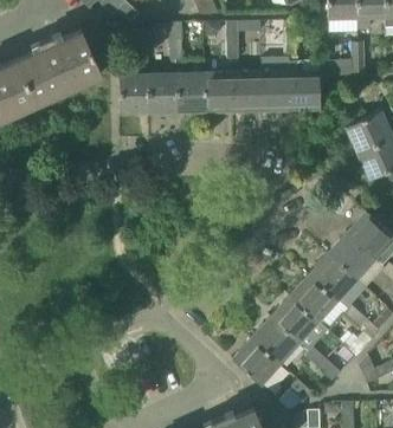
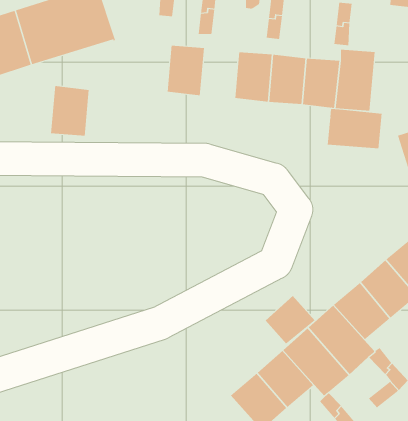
building: [178,72,207,112] -> none
building: [120,73,150,114] -> [50,86,90,136]
building: none -> [327,108,382,149]
building: none -> [265,295,316,345]

